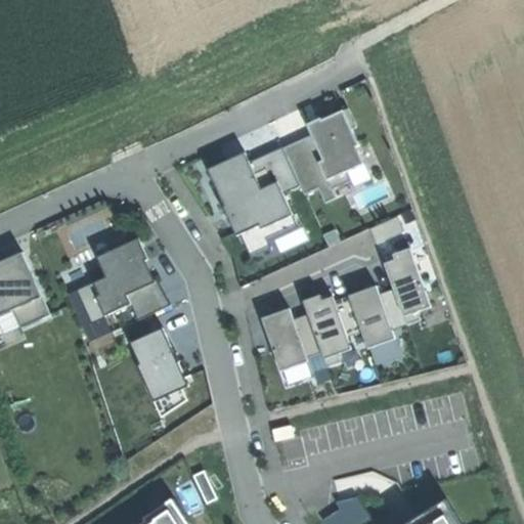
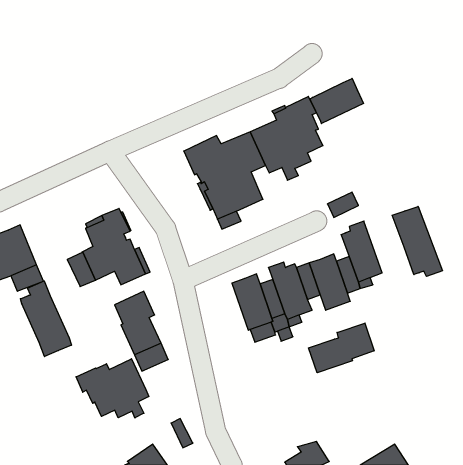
building: none -> [310,78,364,124]
building: none -> [392,206,442,276]
building: none -> [20,281,71,357]
building: none -> [308,323,374,373]
building: none -> [76,359,149,418]

